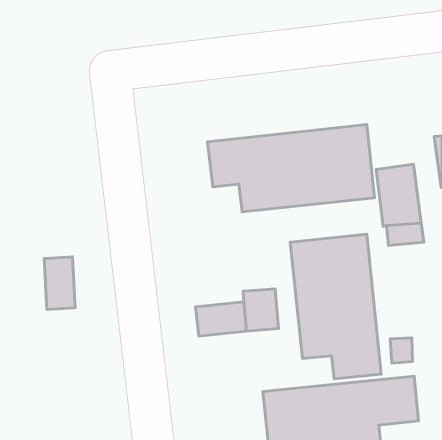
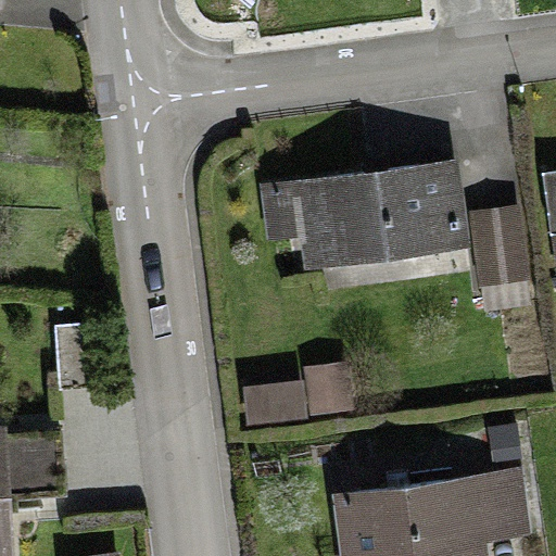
building: [290,234,381,379] -> none

